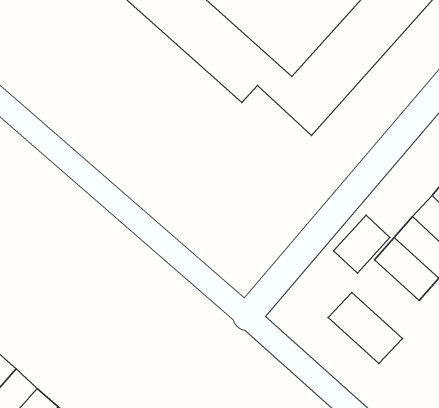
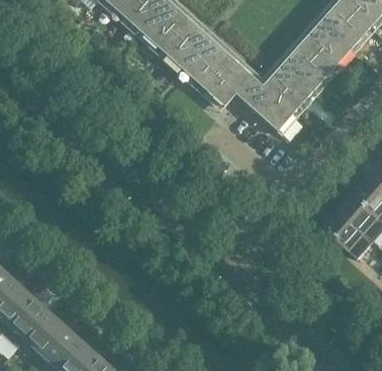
building: [334,215,390,273] -> none
building: [328,292,402,363] -> none

